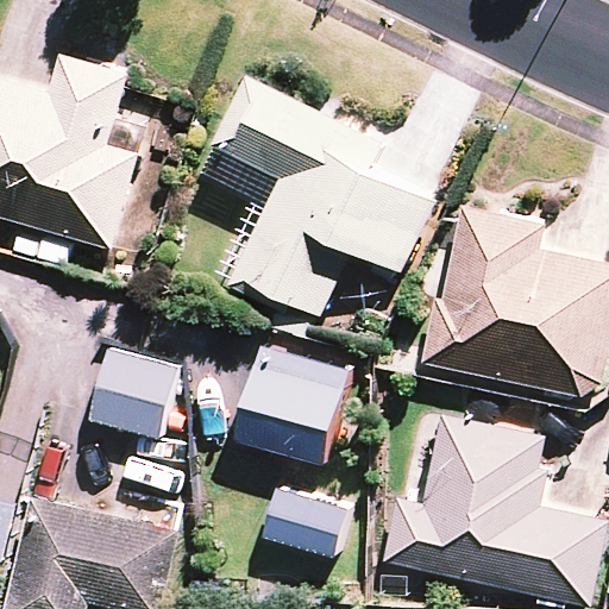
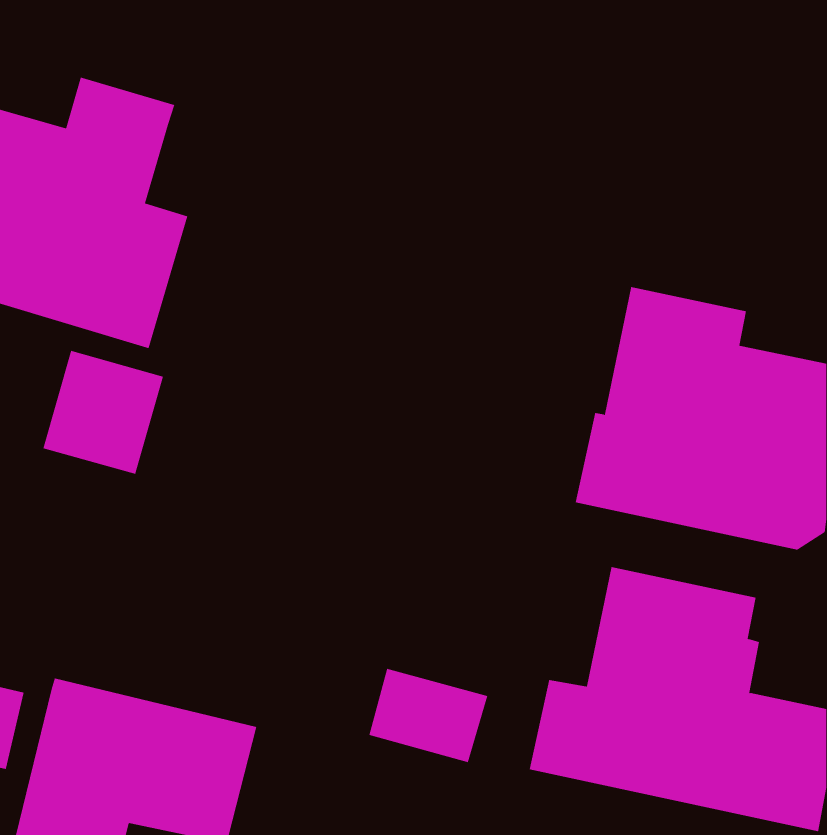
building: [208,79,432,320] -> none
building: [240,344,357,463] -> none
building: [93,347,181,438] -> [43,350,164,475]

